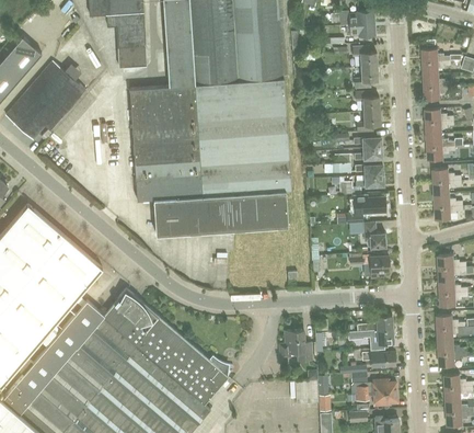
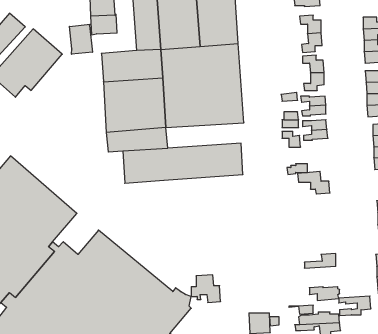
building: none -> [69,24,92,54]
building: [201,168,290,196] -> none
building: [354,197,384,215] -> none
building: [349,255,389,278] -> none
building: [357,329,393,351] -> [339,296,371,316]
building: [279,331,312,362] -> [191,275,221,302]

